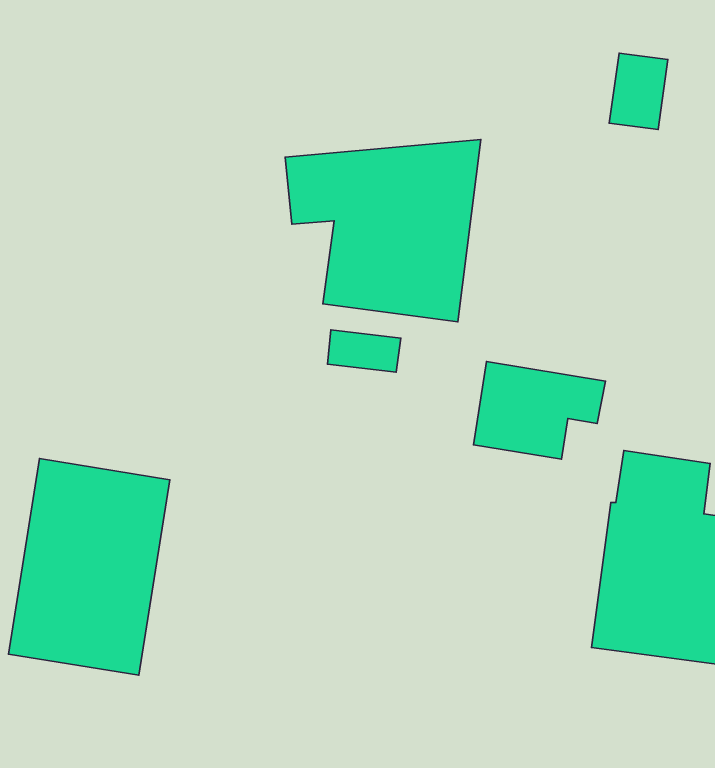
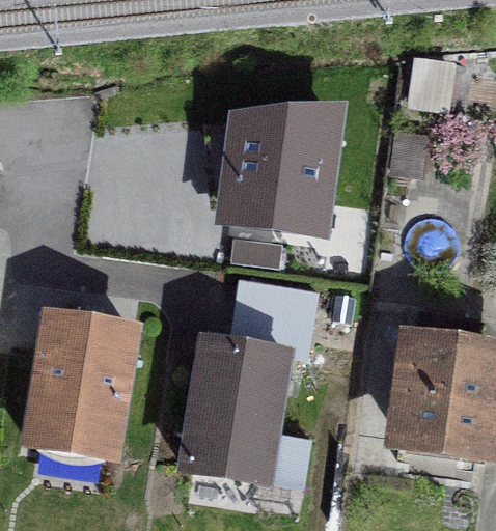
building: [473,362,605,459] -> [231,284,315,346]
building: none -> [184,346,285,482]

